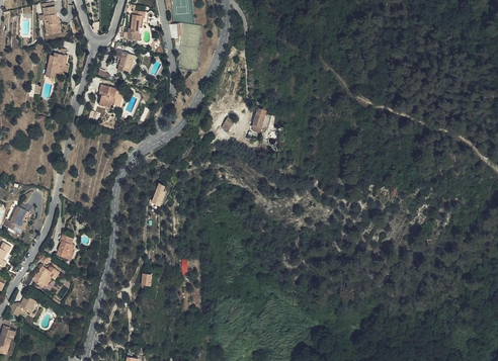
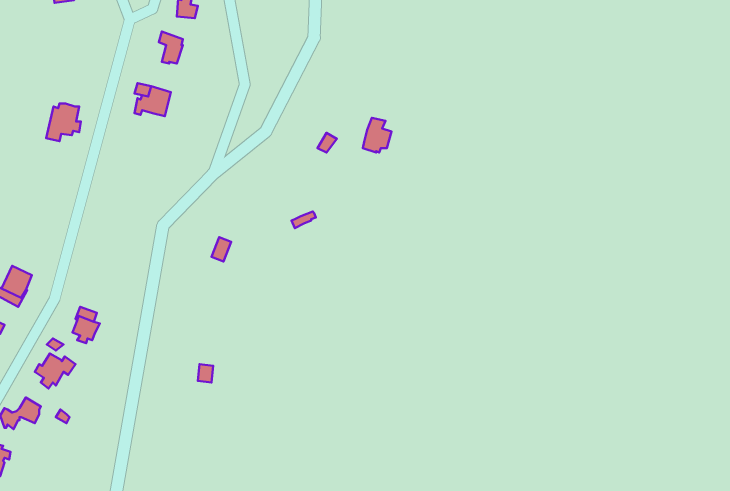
building: [45,54,68,79] -> [46,103,81,141]

